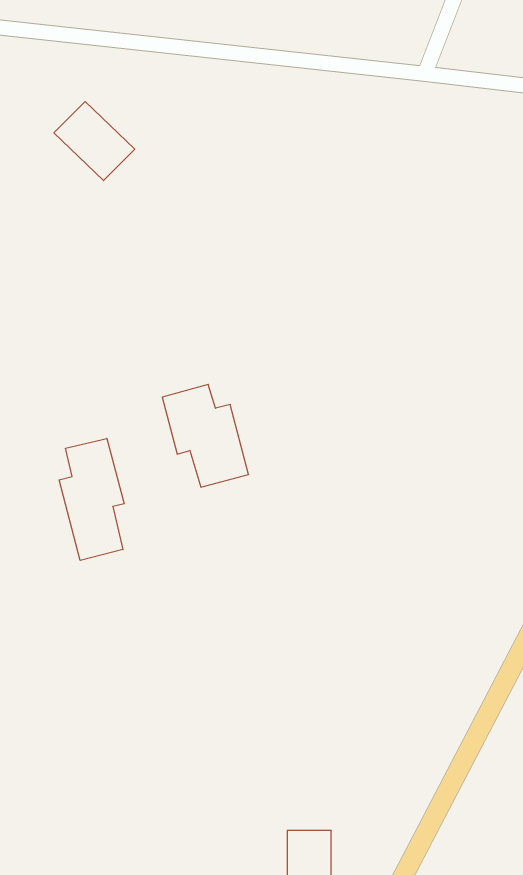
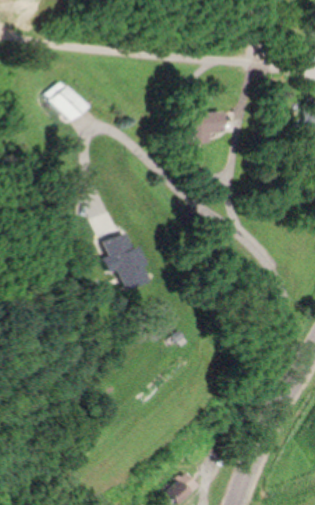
building: none -> [186,112,219,144]
building: [59,438,124,560] -> none

